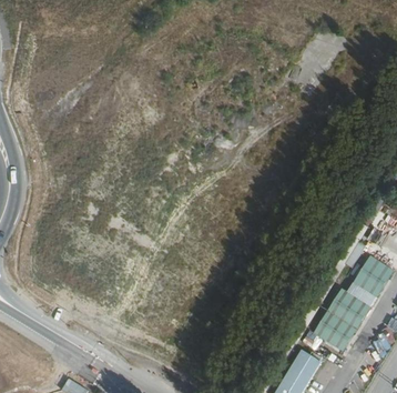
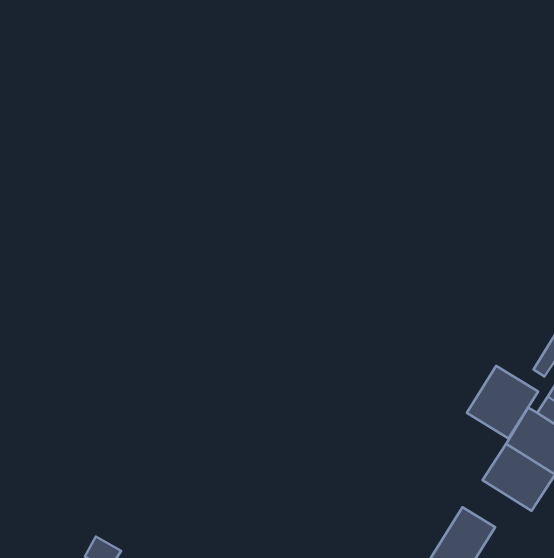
building: none -> [467,366,538,438]

